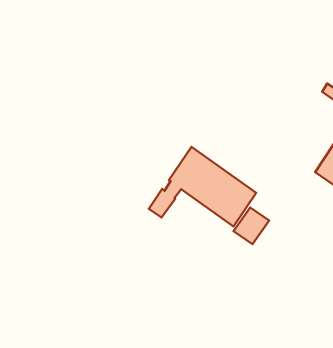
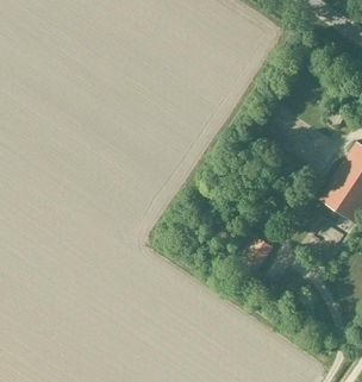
building: [149,147,256,226] -> none

